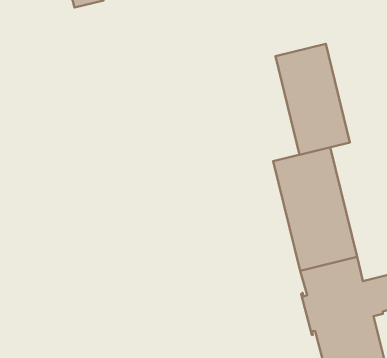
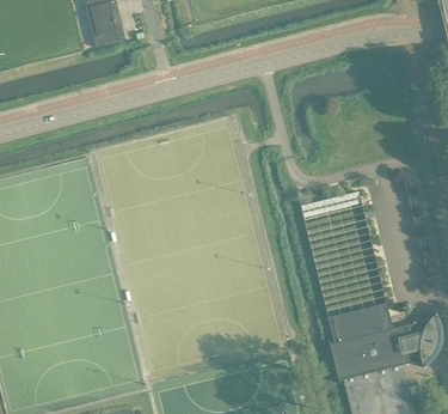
building: [275,44,350,155] -> none

